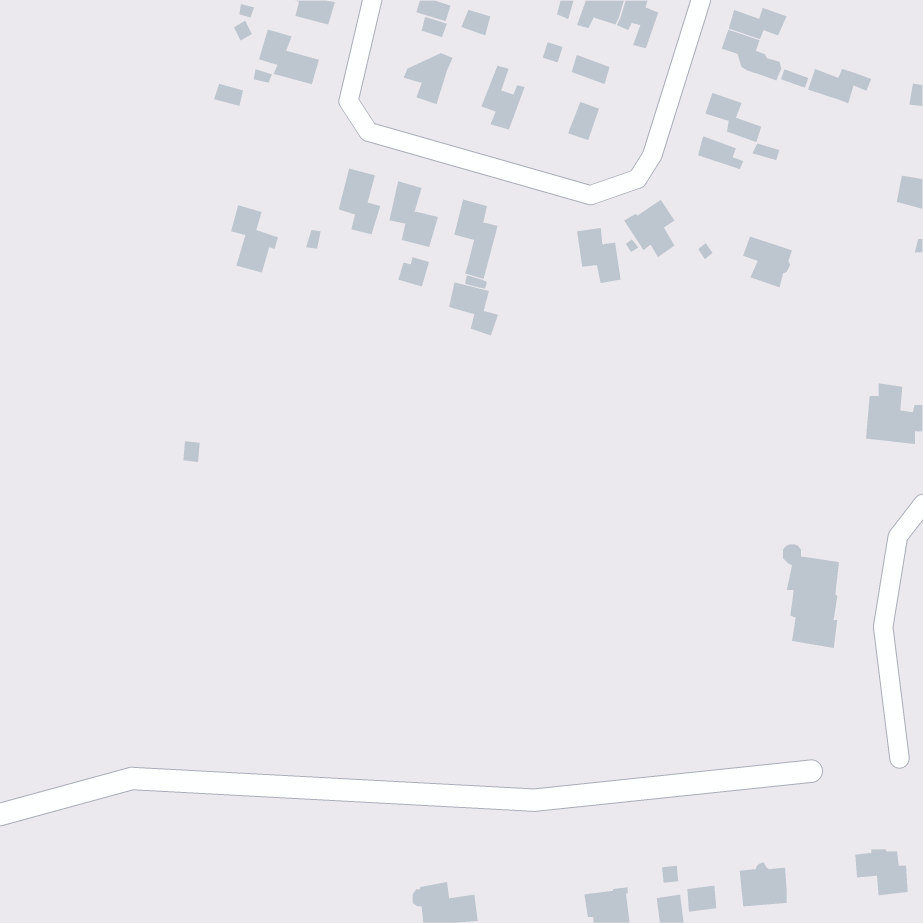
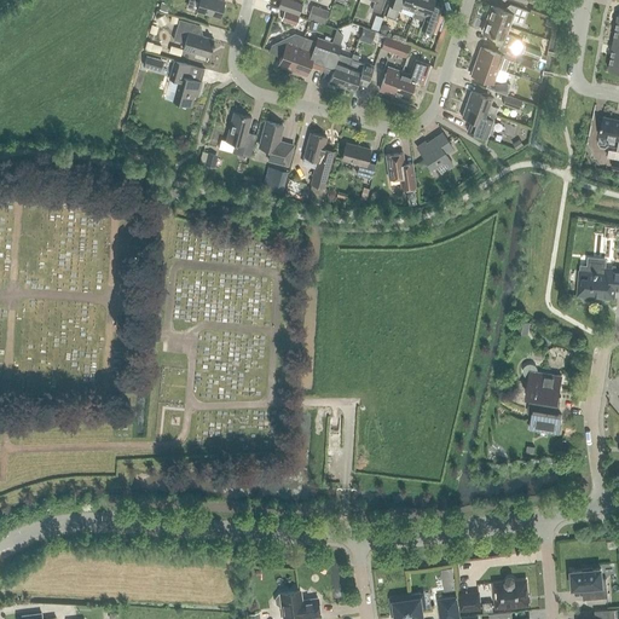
building: none -> [293,37,331,75]
building: [807,68,872,104] -> [476,47,520,71]
building: none -> [341,54,374,92]
building: none -> [394,60,429,100]
building: [230,205,279,273] -> [169,60,202,106]
building: [742,236,793,288] -> [462,104,496,139]
building: [448,282,499,336] -> [342,143,376,179]

